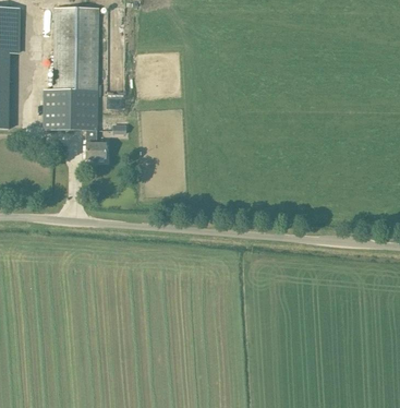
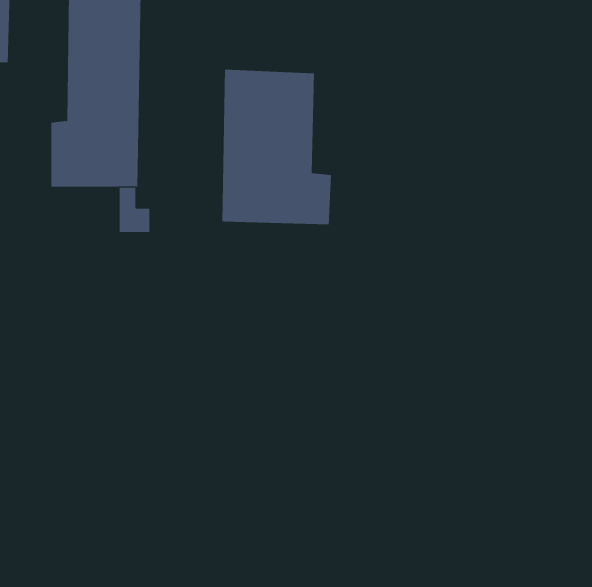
building: none -> [222,69,331,225]

